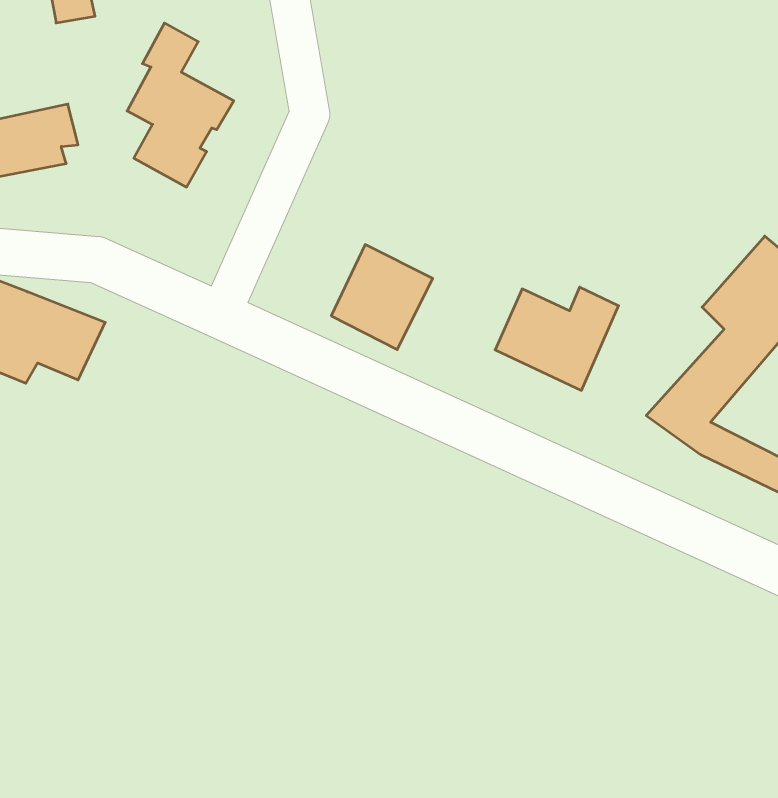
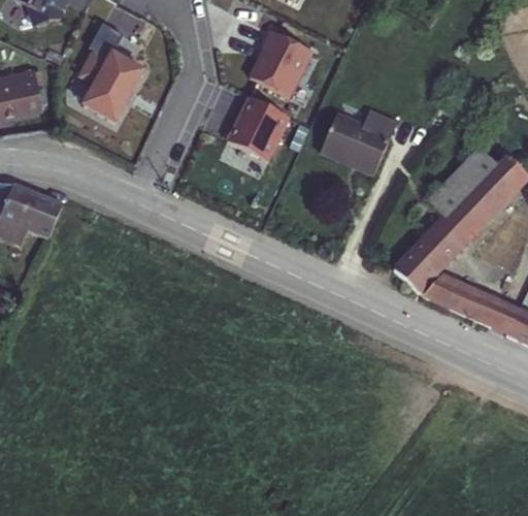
building: none -> [257,30,319,97]
building: [331,245,433,350] -> [226,92,288,156]
building: [495,287,619,390] -> [314,118,389,181]

